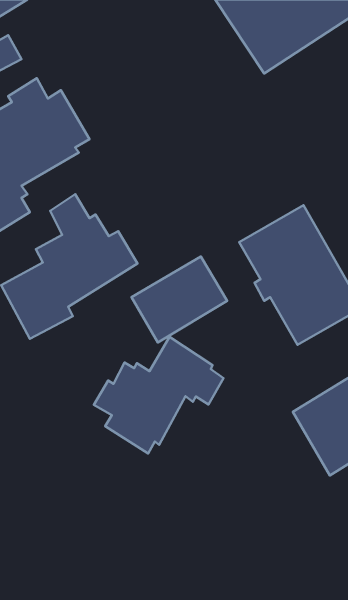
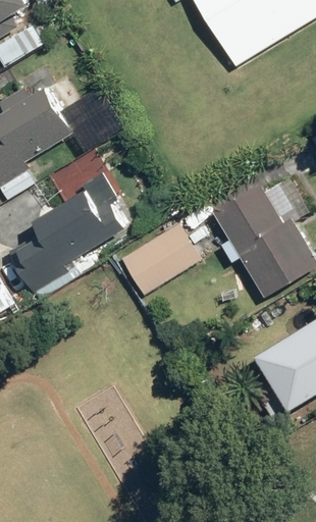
building: [94,337,223,454] -> none

